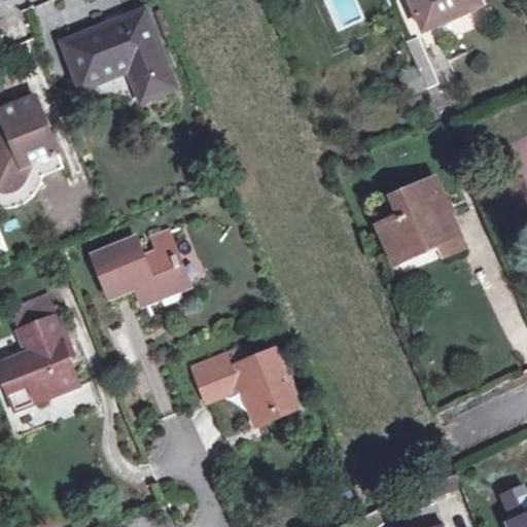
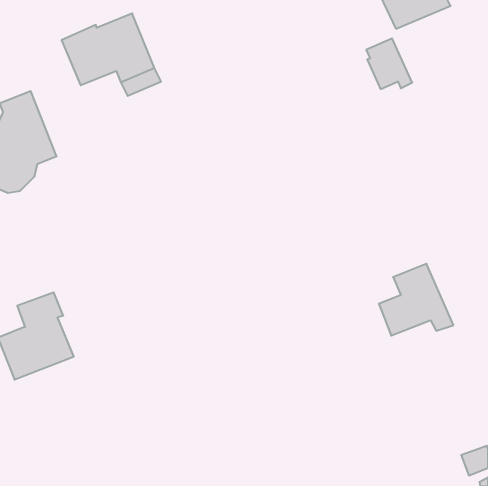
building: [379,176,459,253] -> [379,264,453,336]
building: [94,241,182,306] -> none
building: [191,346,295,420] -> none

